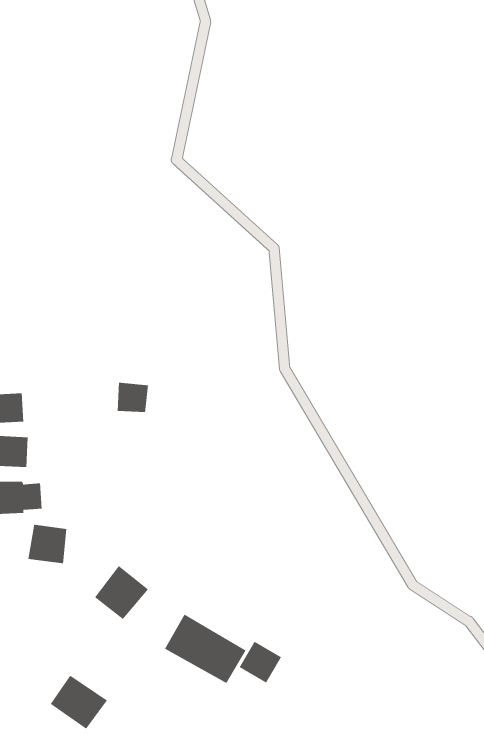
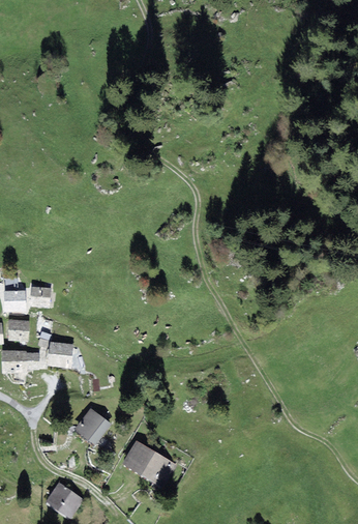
building: [117,382,149,413] -> [29,286,51,307]
building: [27,524,67,564] -> [46,341,72,368]
building: [239,641,282,684] -> none

